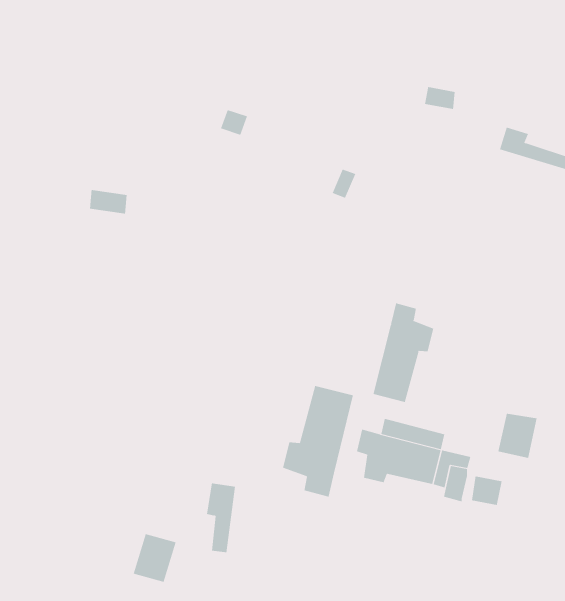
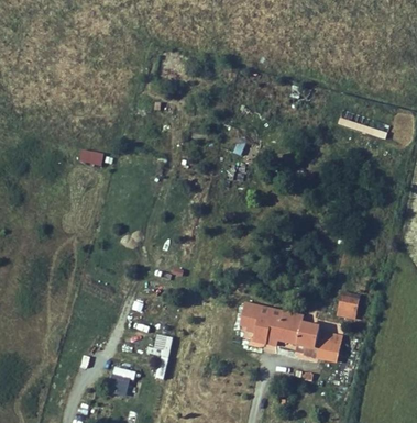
building: [373,302,434,403] -> none
building: [282,385,354,498] -> none

